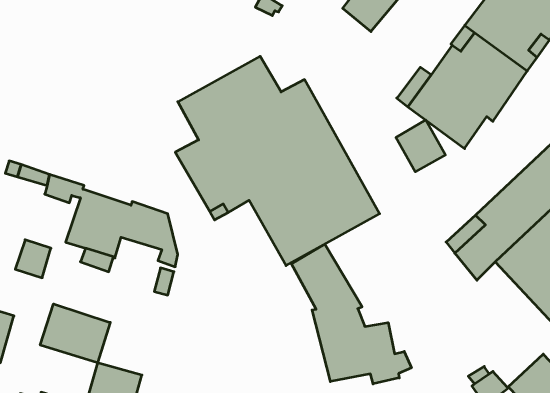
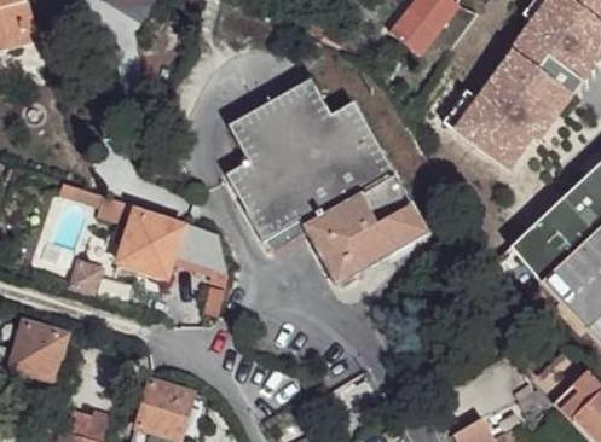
building: [396,120,445,172] -> none
building: [291,244,411,384] -> none
building: [40,304,110,363] -> none

